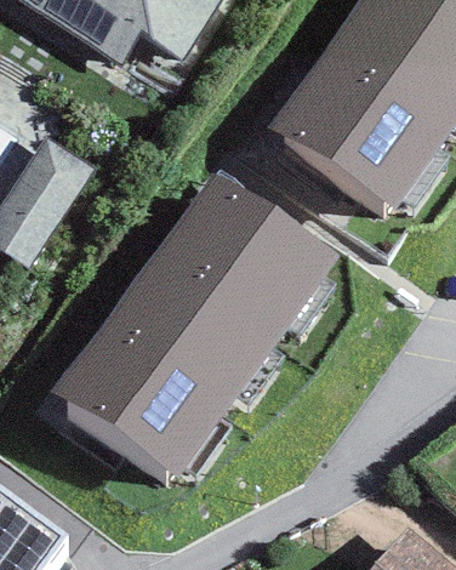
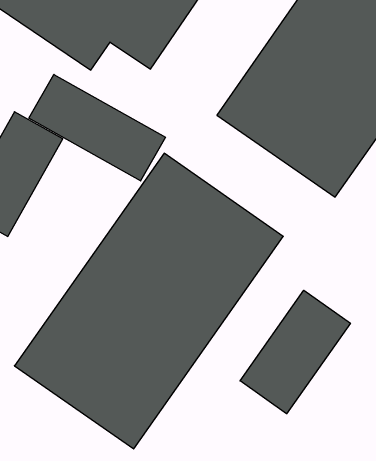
building: none -> [29,74,165,181]
building: none -> [240,290,350,414]

